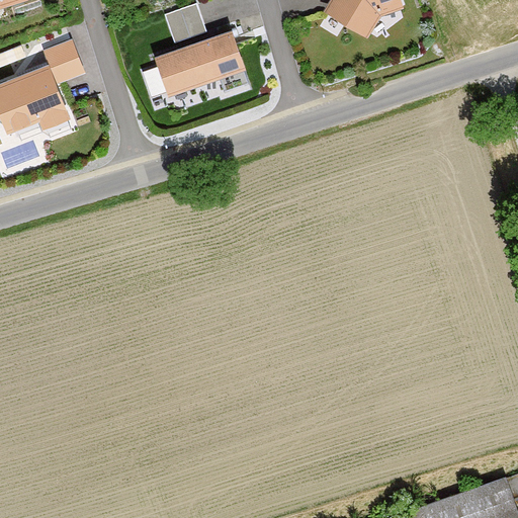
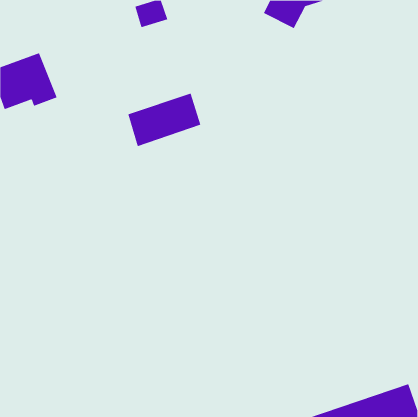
building: [153,31,244,98] -> [127,93,201,147]
building: [42,35,86,81] -> none

